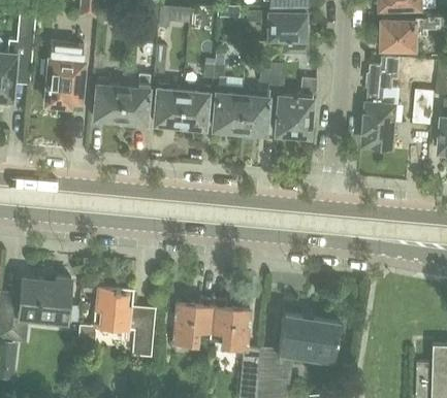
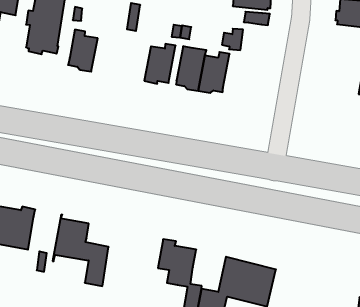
building: [362,57,398,150] -> none
building: [119,73,149,124] -> none
building: [275,78,316,138] -> none
building: [153,81,182,128] -> none
building: [171,298,213,344] -> none

